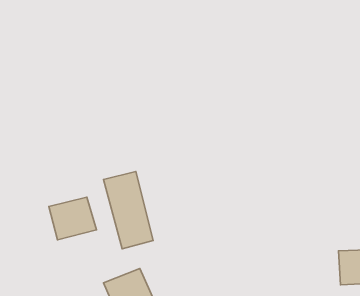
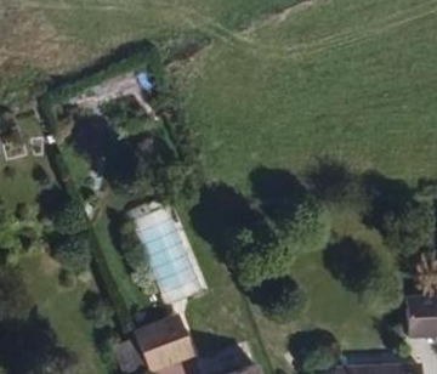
building: [49,197,96,240] -> none

